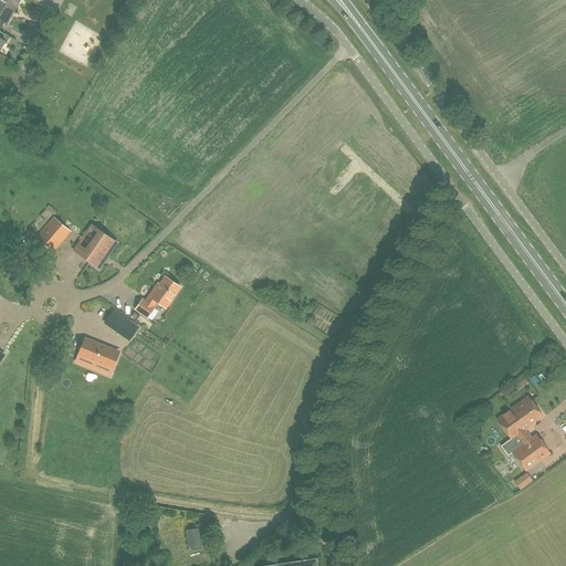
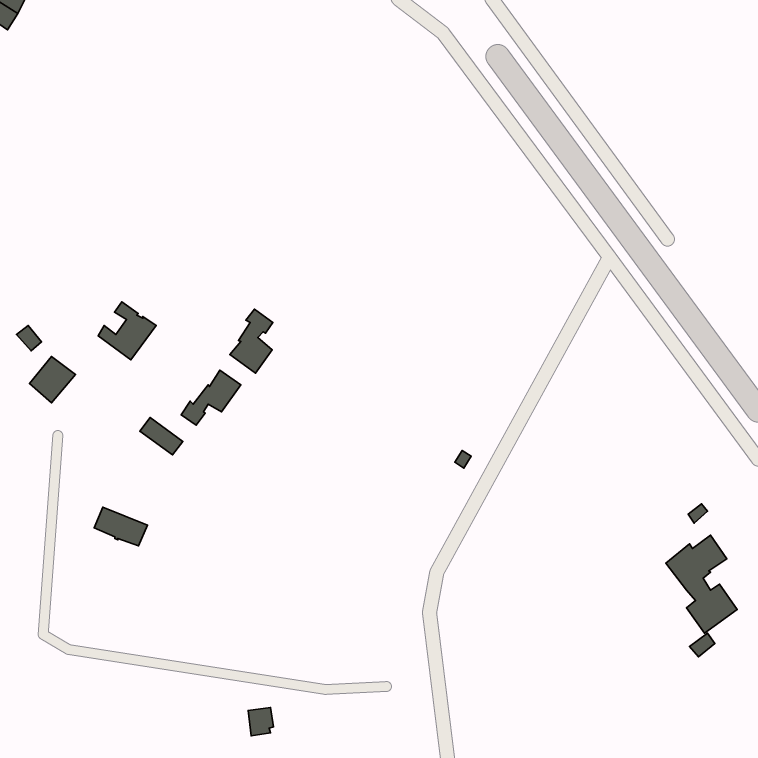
building: [35,217,70,251] -> [29,357,75,403]
building: none -> [230,309,273,373]
building: [77,338,117,367] -> [94,507,148,546]

